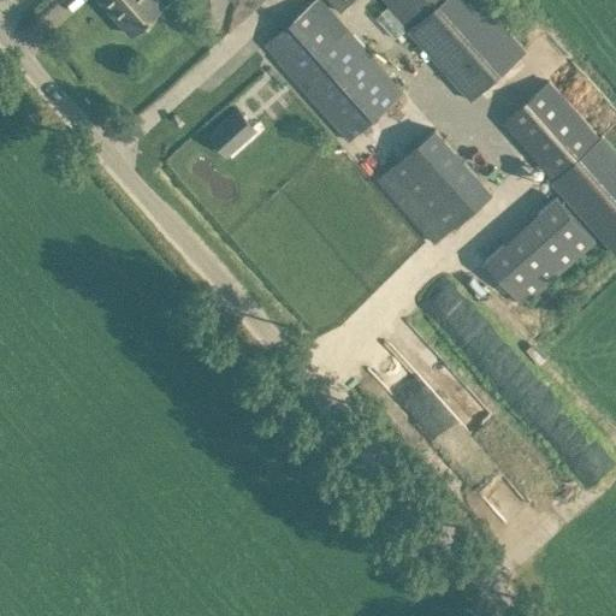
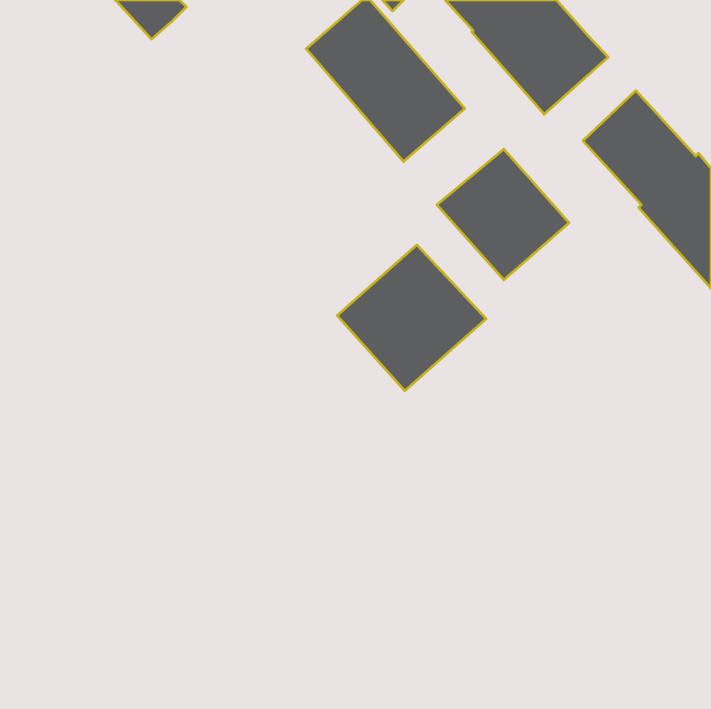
building: [485,197,596,304] -> none
building: none -> [337,245,486,391]

